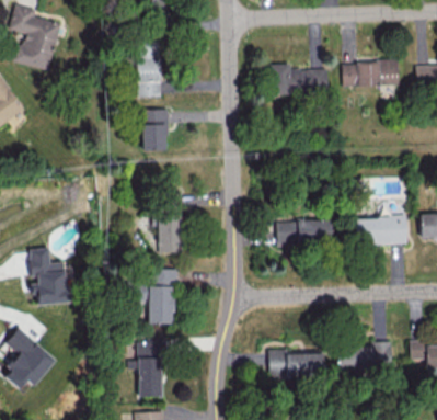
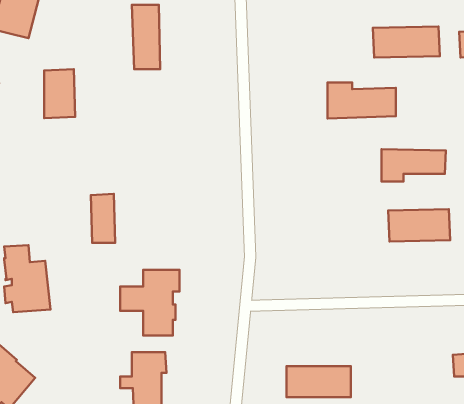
building: [269,65,327,95] -> [328,83,396,119]
building: [142,110,169,151] -> [44,69,75,118]
building: [158,212,179,253] -> [91,194,115,243]
building: [277,222,332,249] -> [382,149,446,181]
building: [336,342,391,370] -> none

